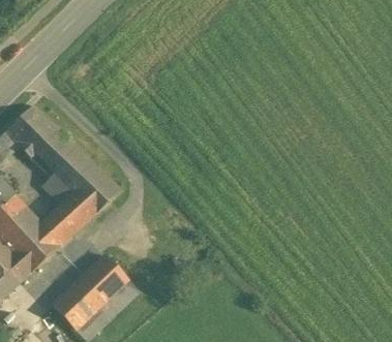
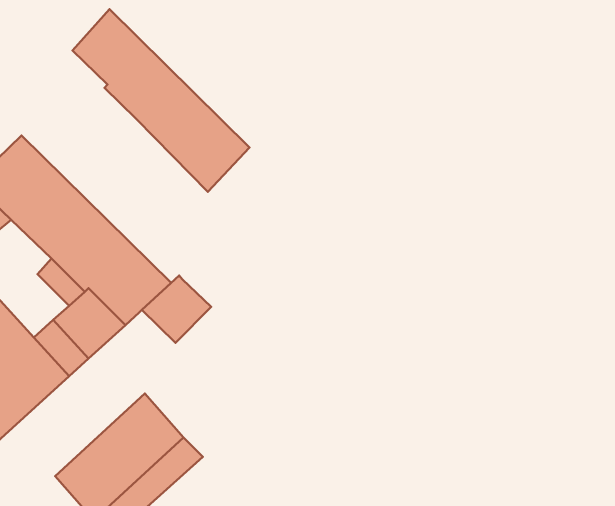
building: none -> [72,9,250,192]
building: none -> [142,276,211,343]

